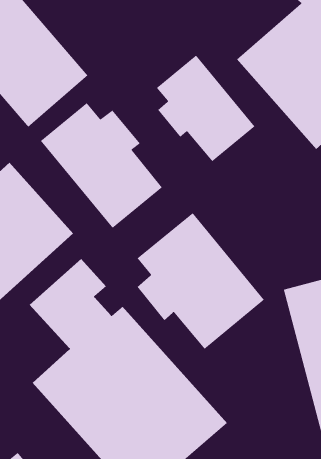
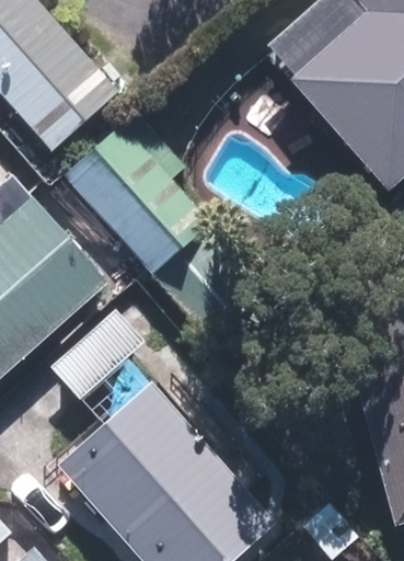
building: [156,55,255,162] -> none
building: [136,212,265,350] -> none

